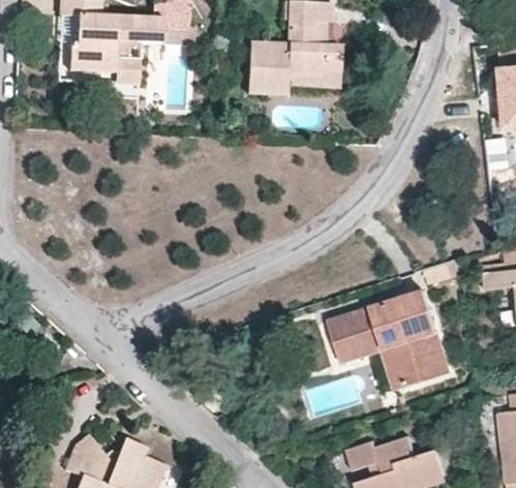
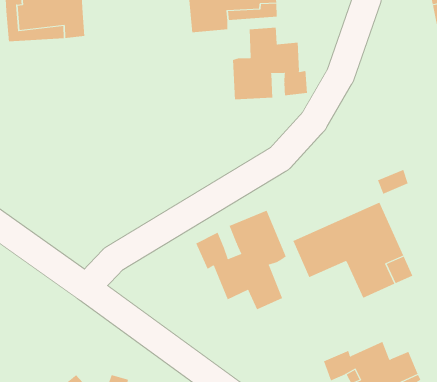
building: none -> [233,27,308,100]
building: none -> [196,210,286,310]

